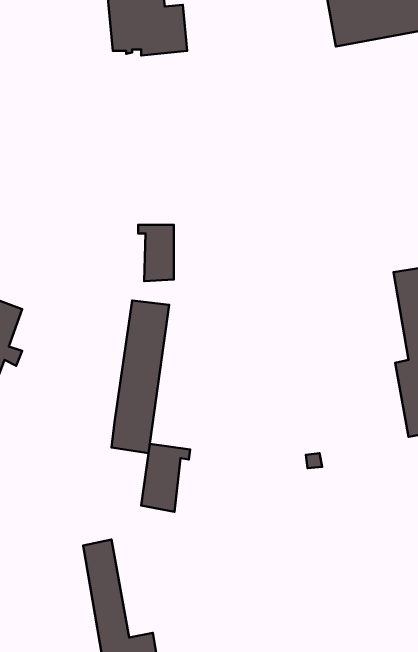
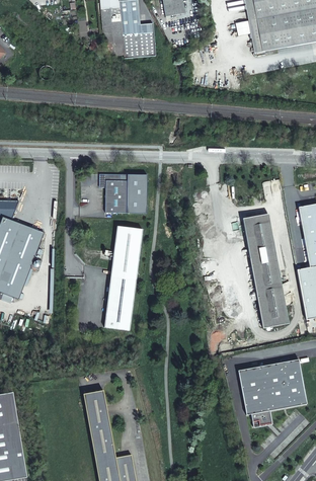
building: none -> [99,173,127,213]
building: none -> [243,213,289,326]
building: [141,444,190,512] -> none
building: none -> [238,358,307,425]

